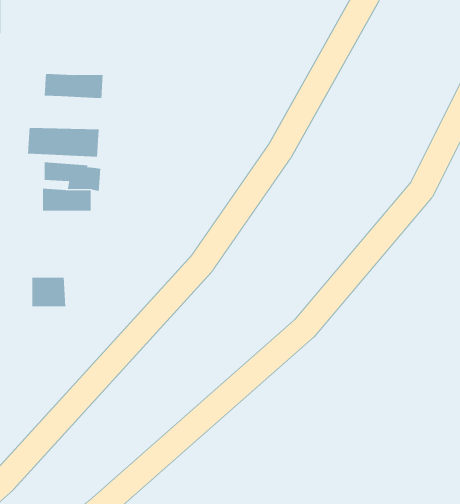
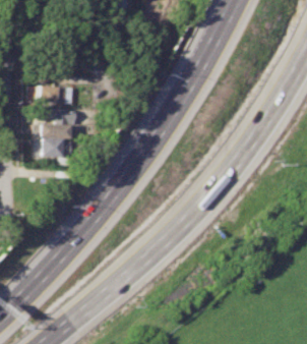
building: [44,73,103,99] -> none
building: [32,277,66,307] -> [38,138,59,157]

